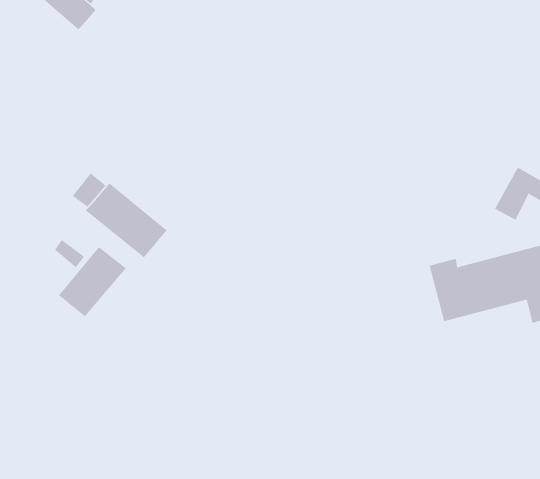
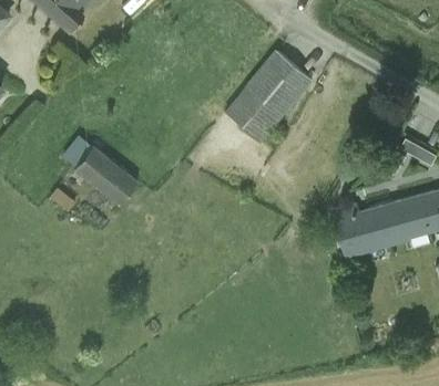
building: none -> [225,55,307,143]
building: [58,246,127,317] -> none

